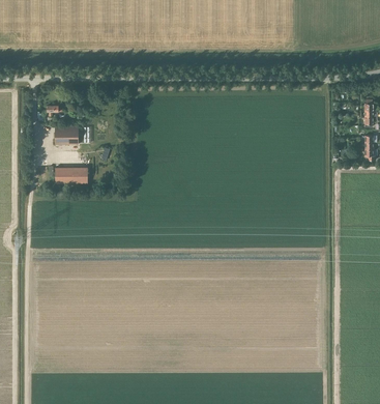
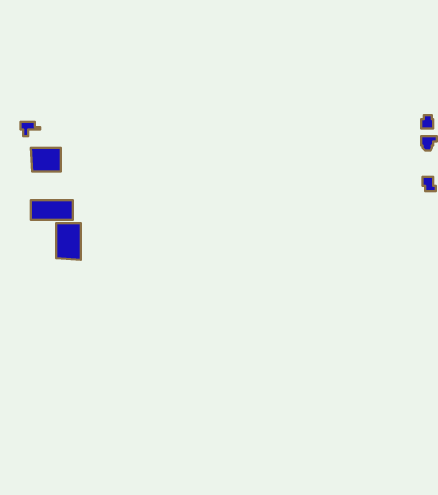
building: none -> [56,223,81,260]

